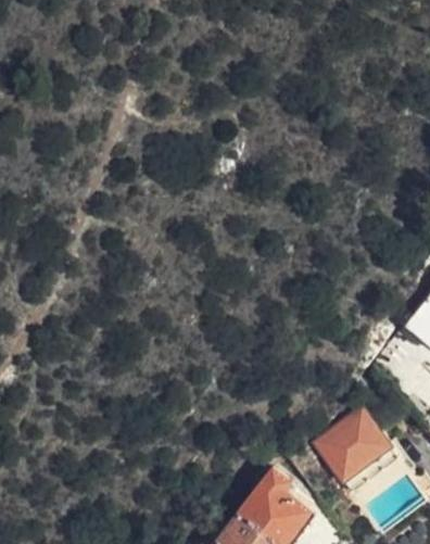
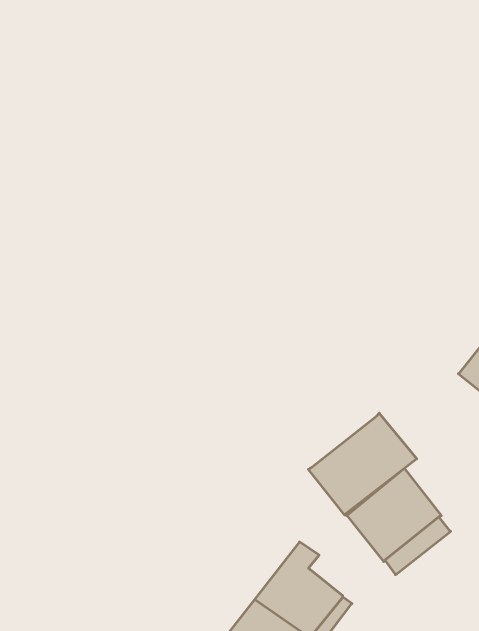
building: none -> [308,413,417,515]

